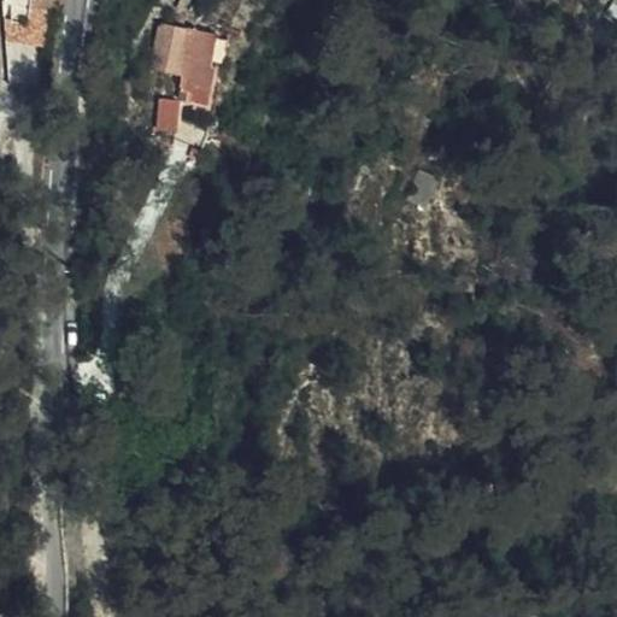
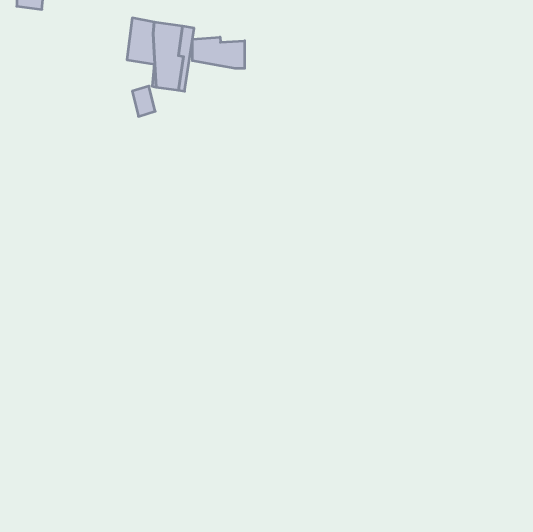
building: none -> [192,37,245,68]

